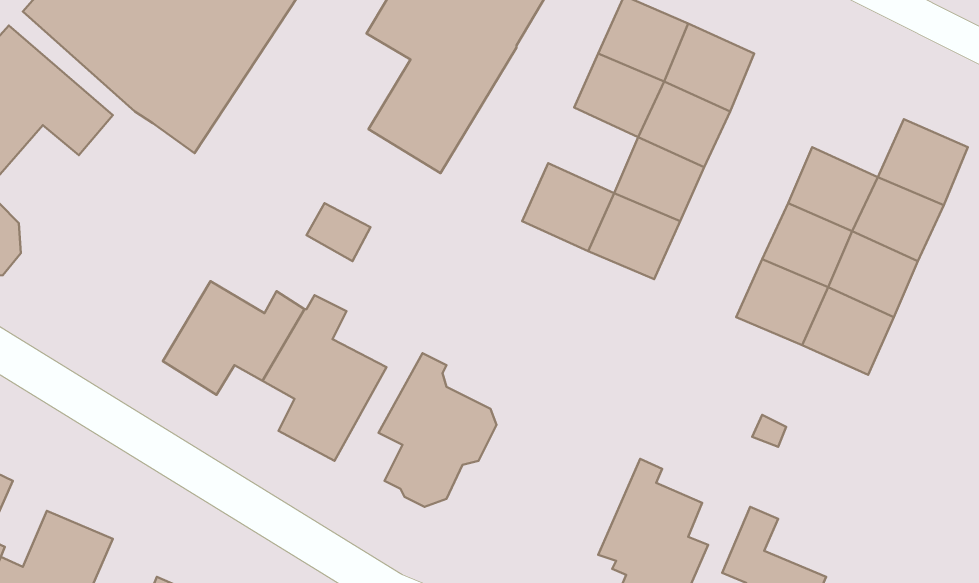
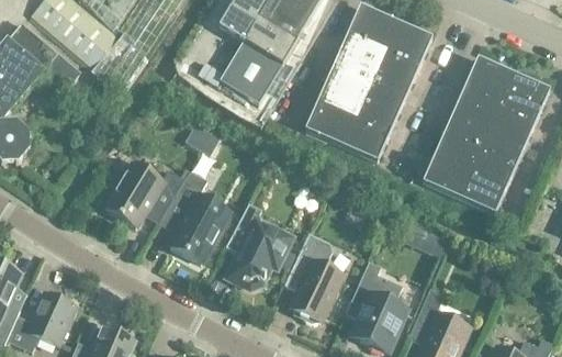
building: none -> [463,56,514,104]
building: none -> [318,66,368,113]
building: none -> [284,231,341,320]

